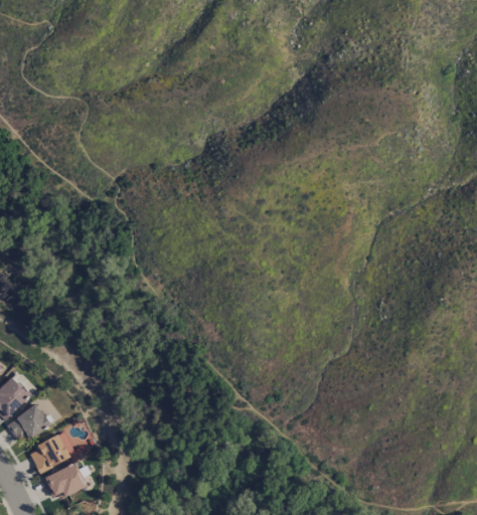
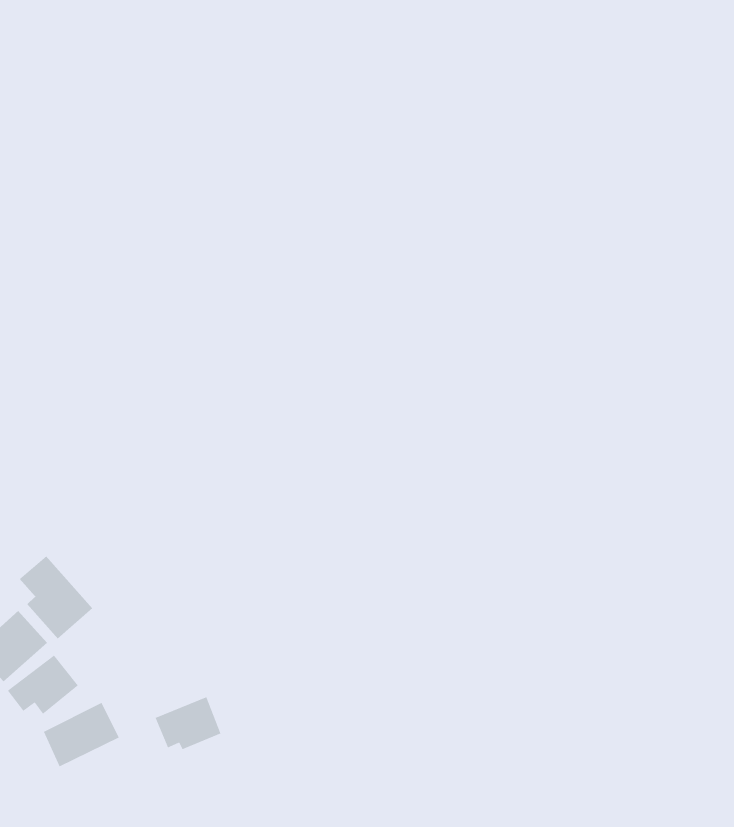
building: none -> [19,556,93,640]
building: [45,463,87,496] -> [154,696,222,750]

